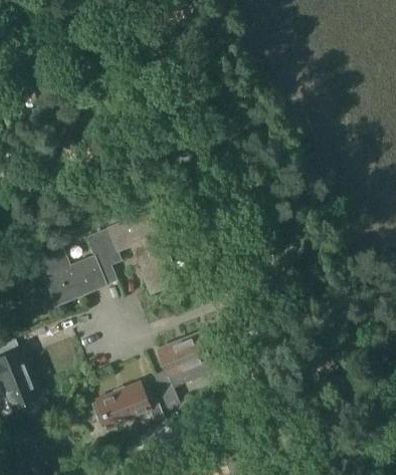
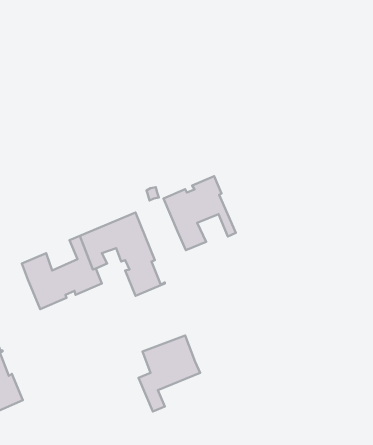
building: none -> [163,176,236,250]
building: [92,383,162,429] -> none

